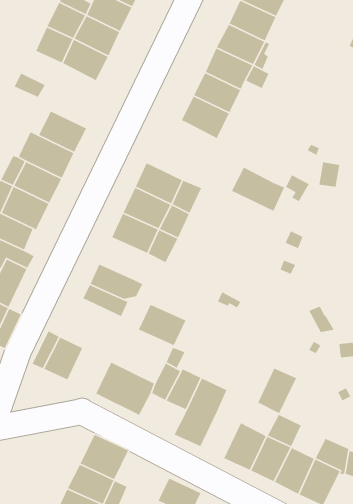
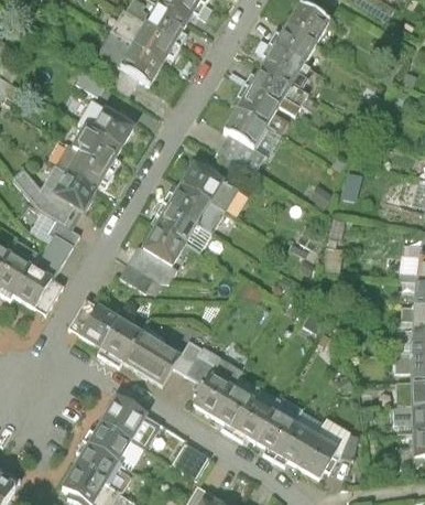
building: [231,166,285,212] -> [215,128,263,171]
building: [138,304,187,346] -> [138,223,182,262]
building: none -> [100,319,140,361]
building: [257,368,297,414] -> [212,387,250,429]

